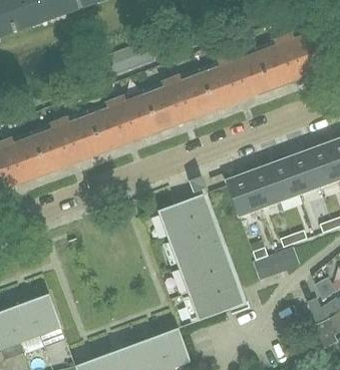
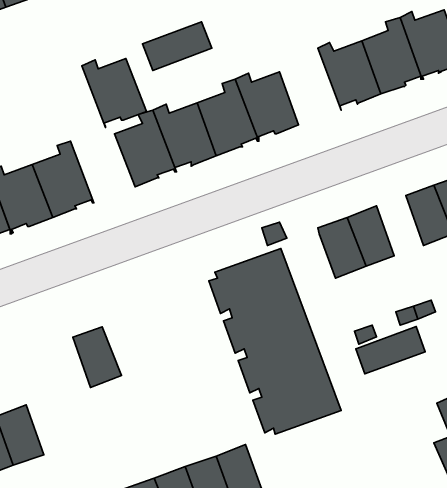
building: [202,58,244,110] -> none
building: [59,116,103,163] -> [82,58,147,128]
building: [268,158,300,200] -> none
building: [29,294,62,335] -> [73,327,121,387]

